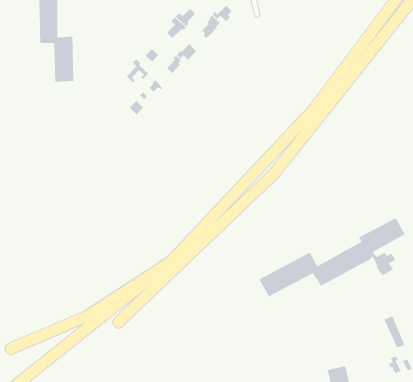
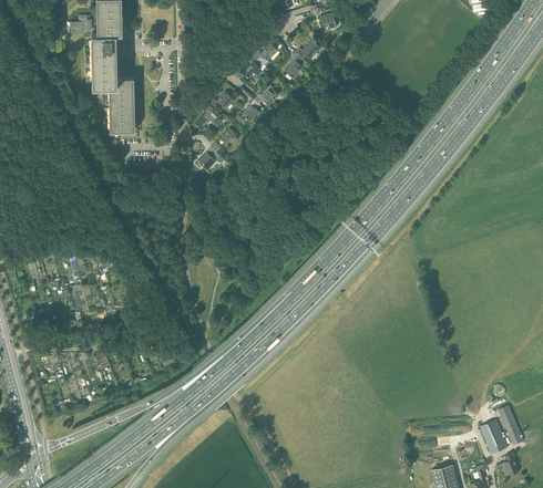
building: [258,217,406,297] -> none
building: none -> [480,419,508,454]

